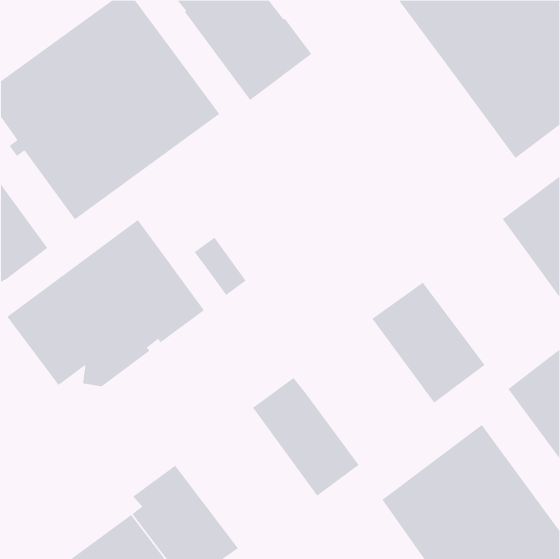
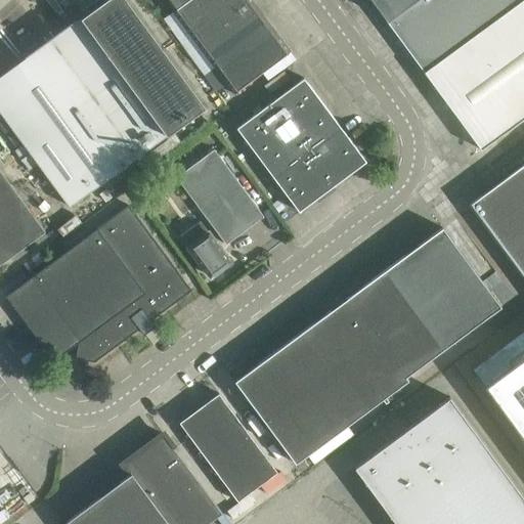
building: none -> [237,79,366,212]
building: none -> [177,149,264,245]
building: none -> [395,228,500,342]
building: none -> [274,299,408,435]
building: none -> [180,394,277,503]

